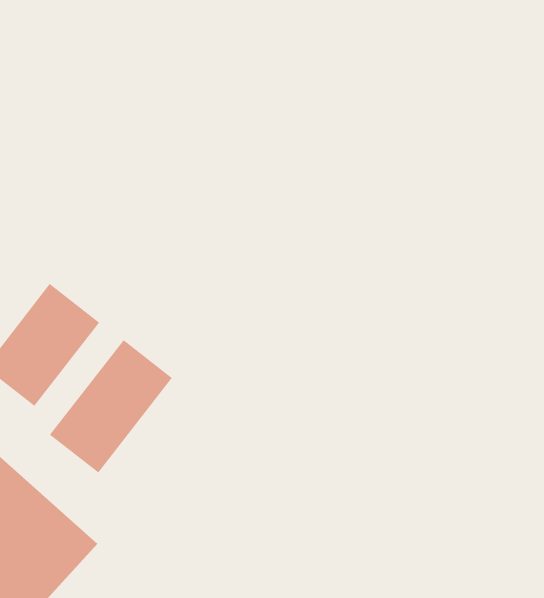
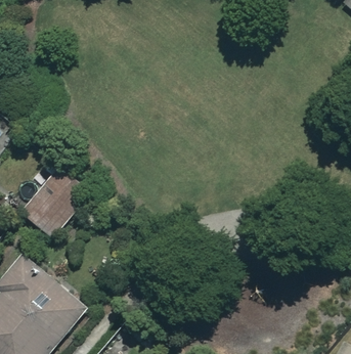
building: [49,339,173,474] -> none

